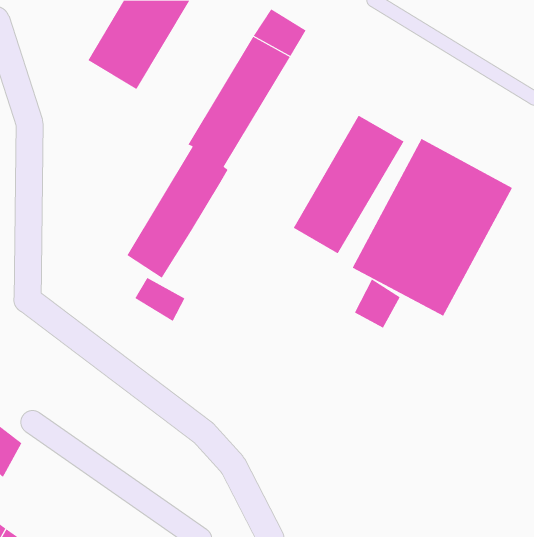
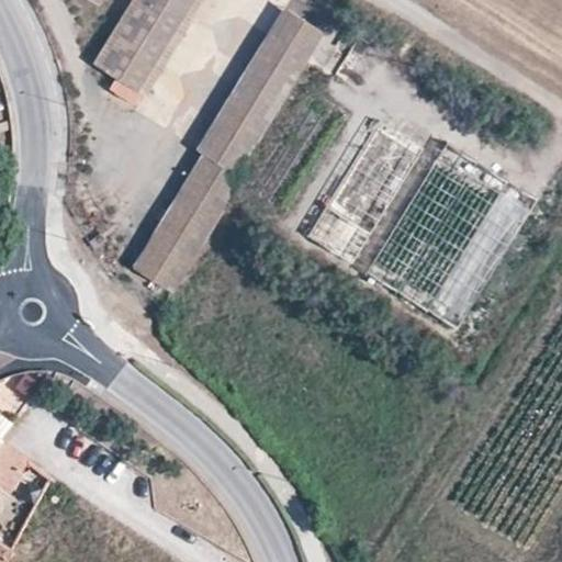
building: [135,277,185,322] -> none
building: [354,279,401,329] -> none

